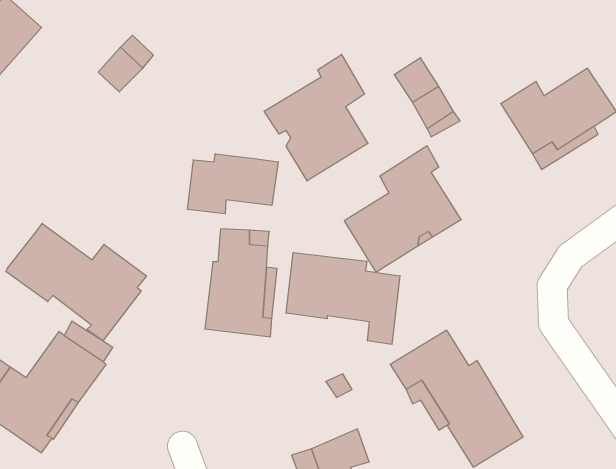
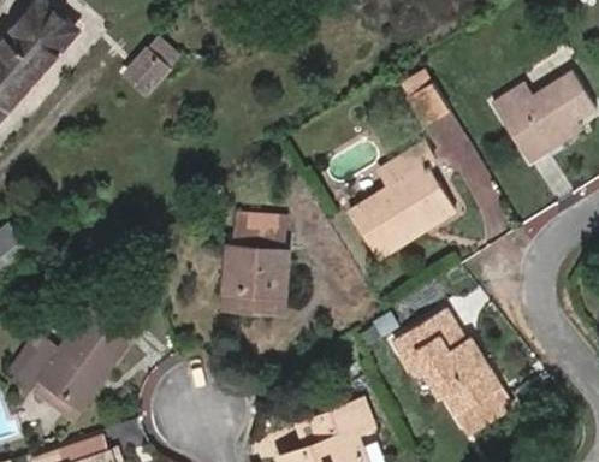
building: [264,54,368,181] -> none
building: [188,154,278,214] -> none
building: [6,223,146,341] -> none
building: [286,252,400,344] -> none

